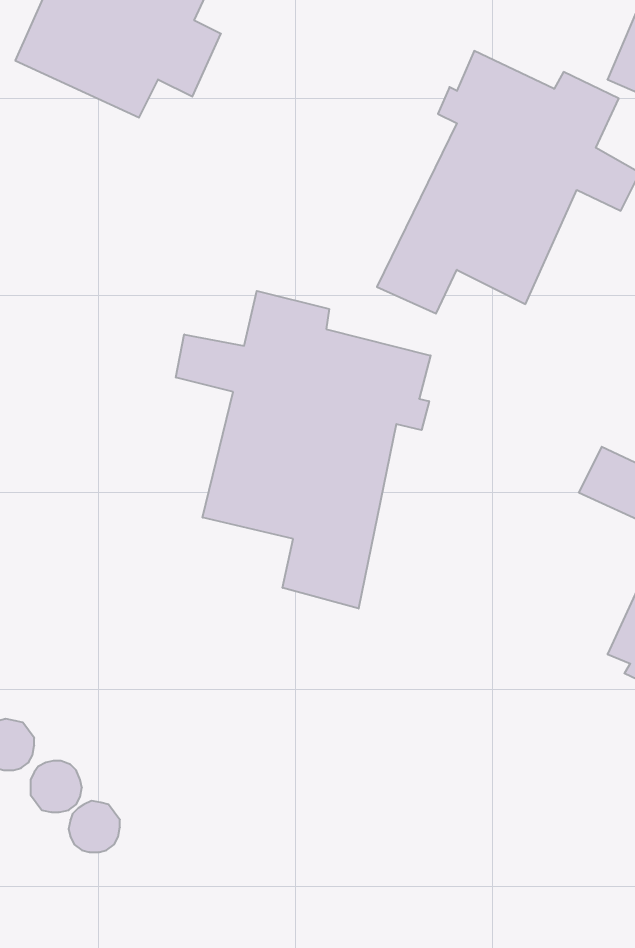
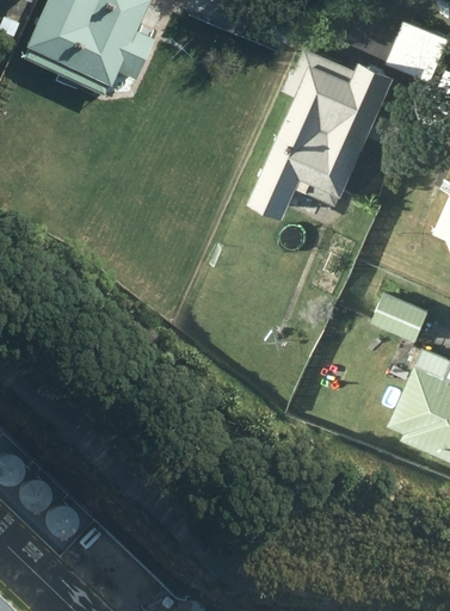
building: [176,291,431,609] -> none

